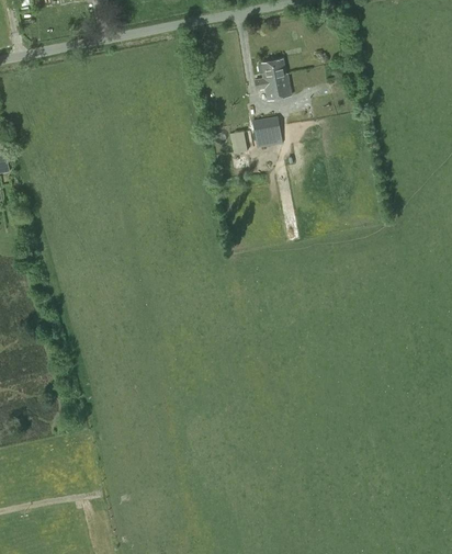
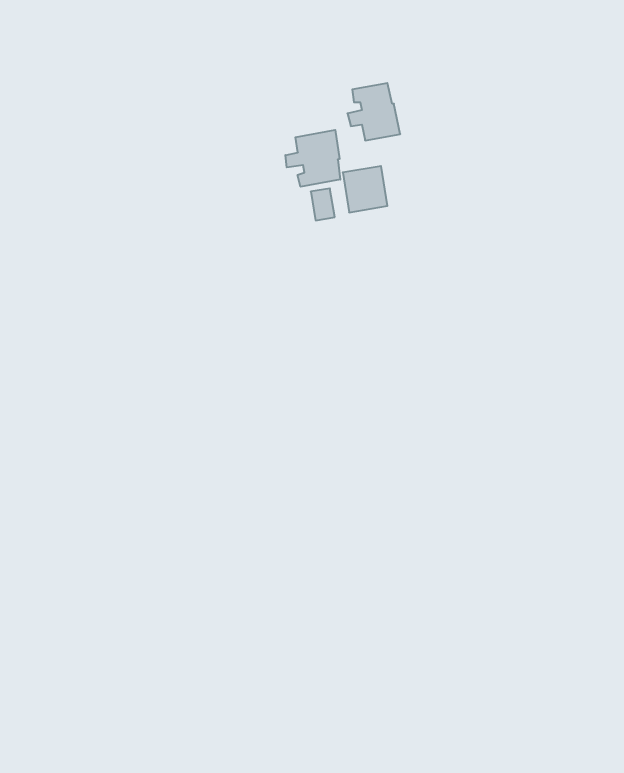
building: none -> [285,130,340,187]

